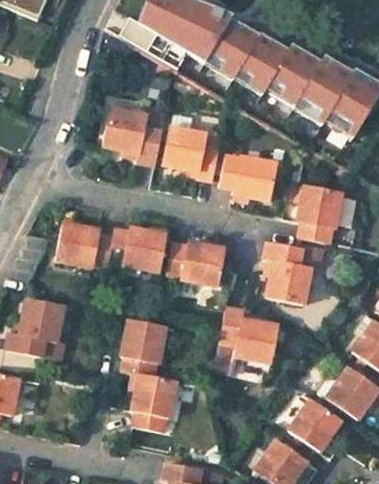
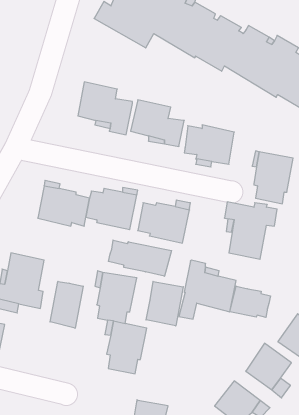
building: none -> [108,240,172,276]
building: none -> [146,281,183,326]
building: none -> [50,281,83,328]
building: none -> [230,286,270,317]

